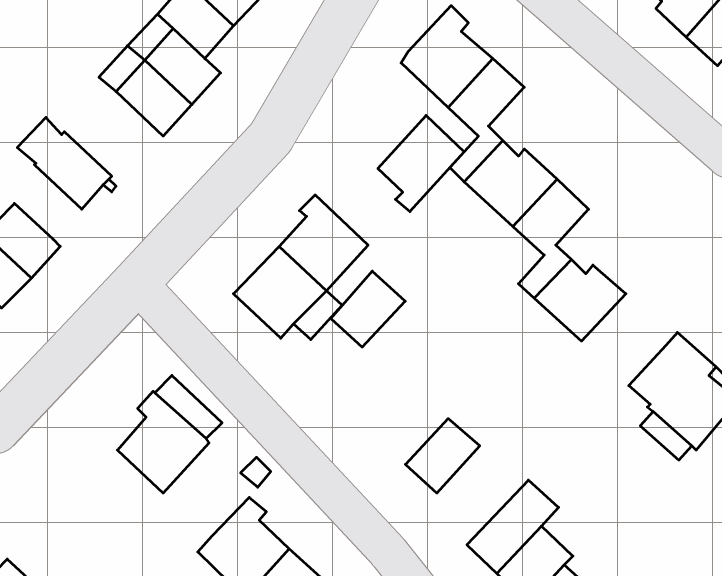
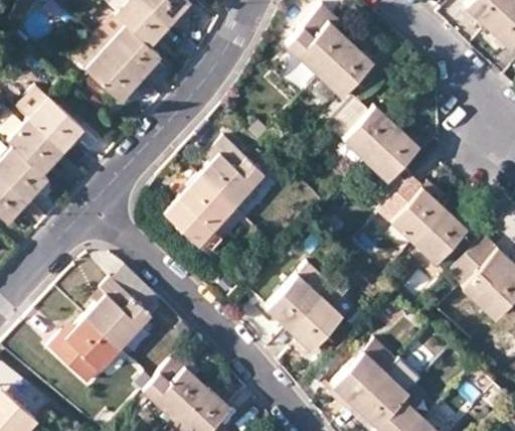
building: [378,115,464,212] -> none
building: none -> [10,120,63,172]
building: [331,271,405,347] -> [269,277,321,330]
building: none -> [414,210,474,275]
building: none -> [51,320,121,383]

